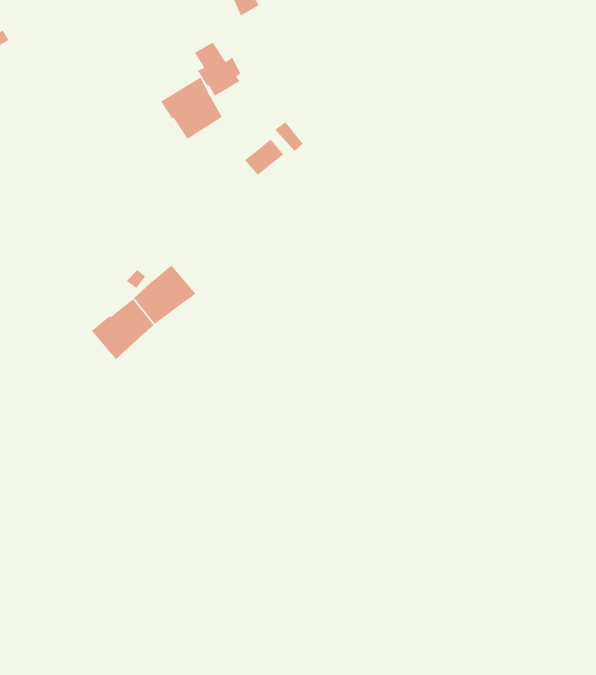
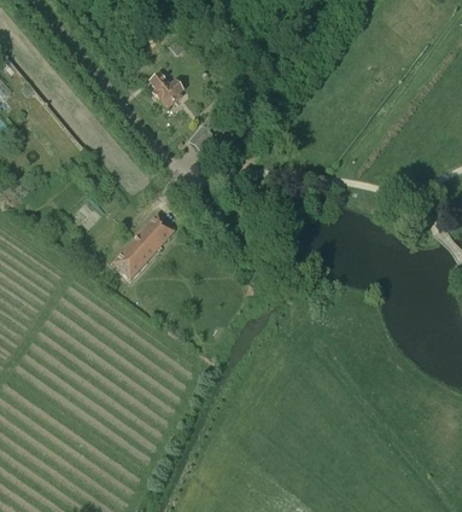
building: [160,77,223,140] -> none

